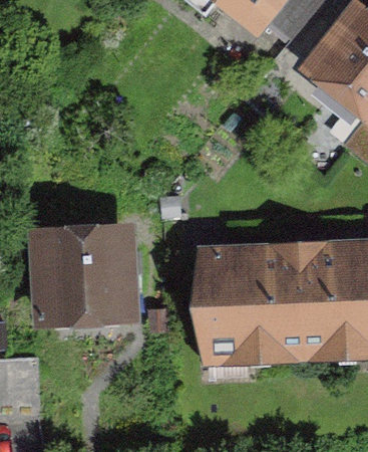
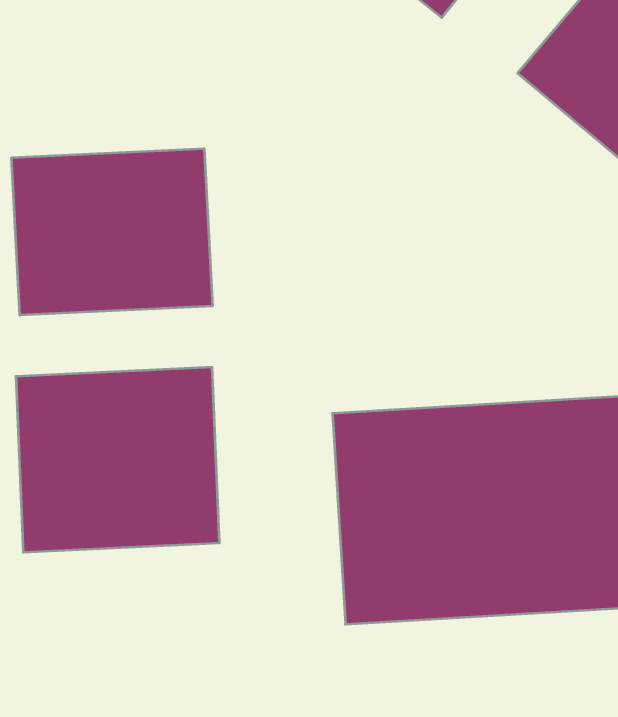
building: none -> [12,149,212,315]

